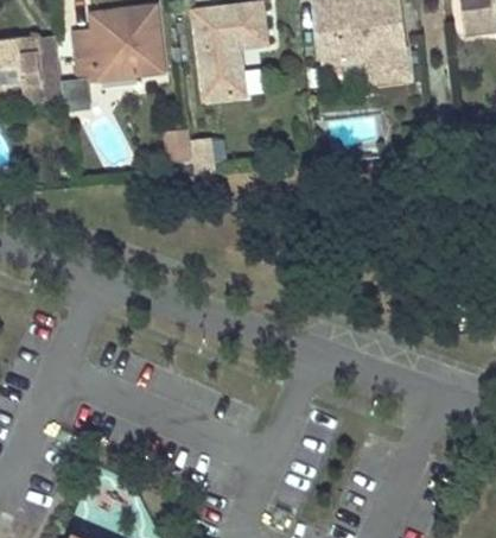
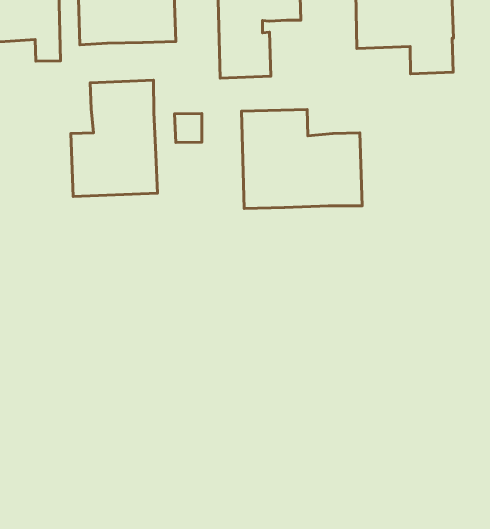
building: none -> [71,80,157,196]
building: none -> [241,110,362,209]

